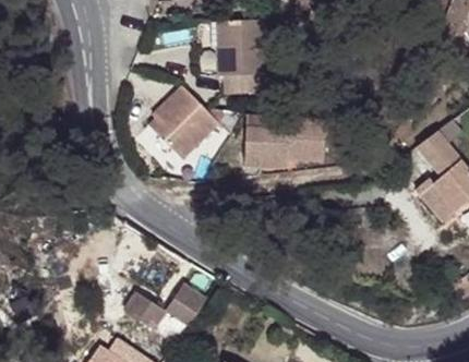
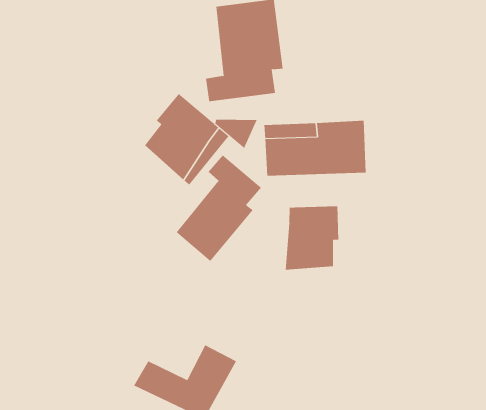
building: none -> [176,155,262,262]
building: none -> [285,205,339,270]

